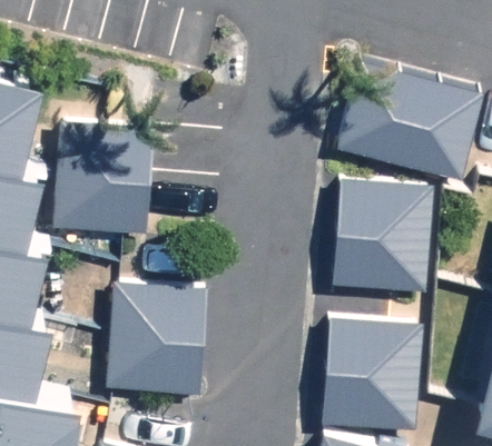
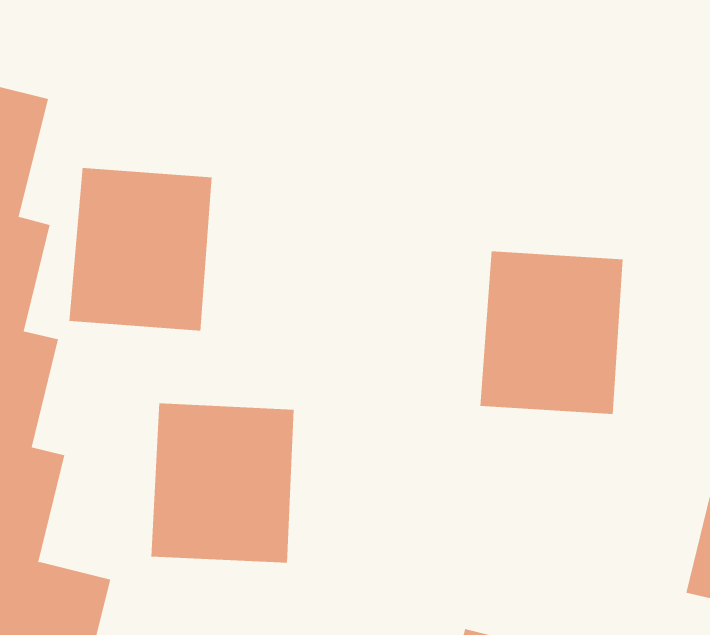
building: [337,63,482,180] -> none
building: [322,317,421,432] -> none

